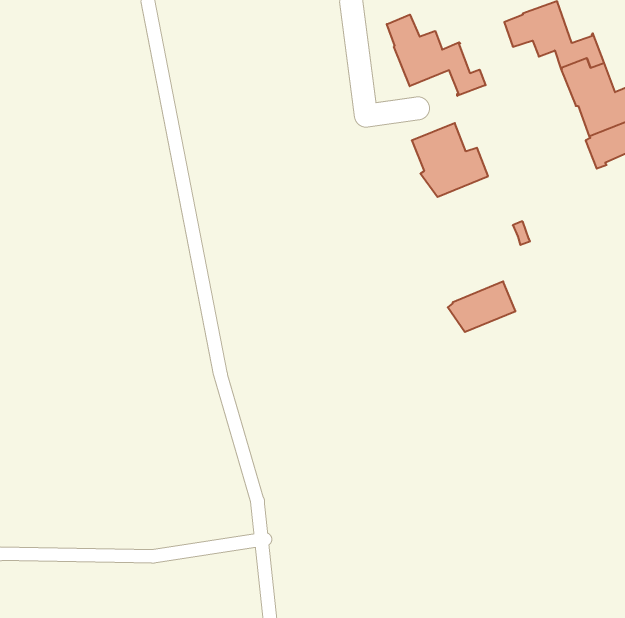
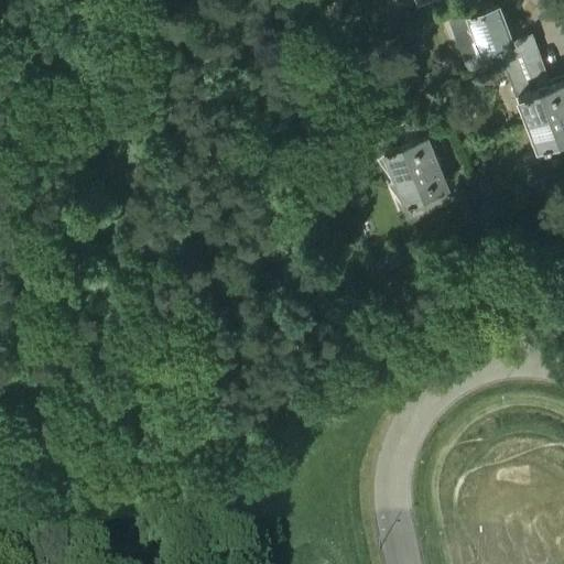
building: [387,15,486,96] -> none
building: [448,281,516,332] -> [391,167,452,213]

